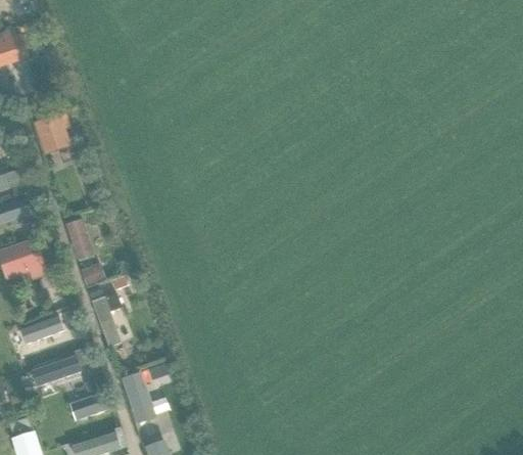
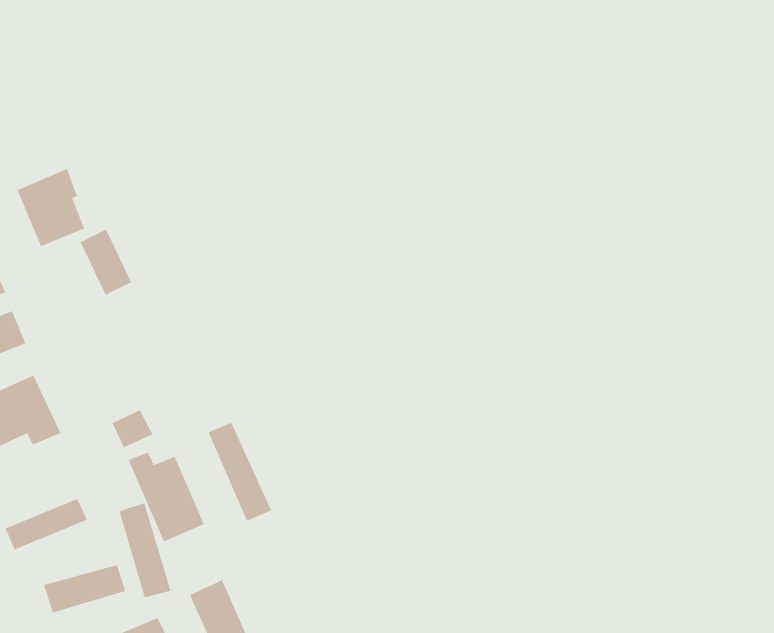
building: [64,218,95,260] -> [80,228,132,296]
building: none -> [207,422,272,522]
building: none -> [119,502,171,598]

